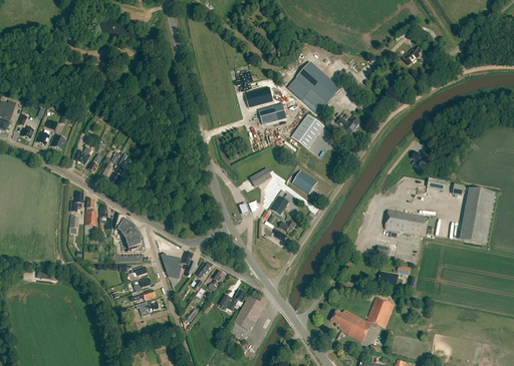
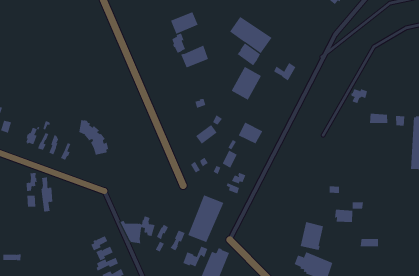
building: [258,103,286,124] -> [170,12,198,35]
building: [383,210,428,236] -> none
building: [113,214,143,252] -> [78,120,109,155]
building: none -> [188,194,224,243]
building: [365,297,393,328] -> [300,222,324,251]

